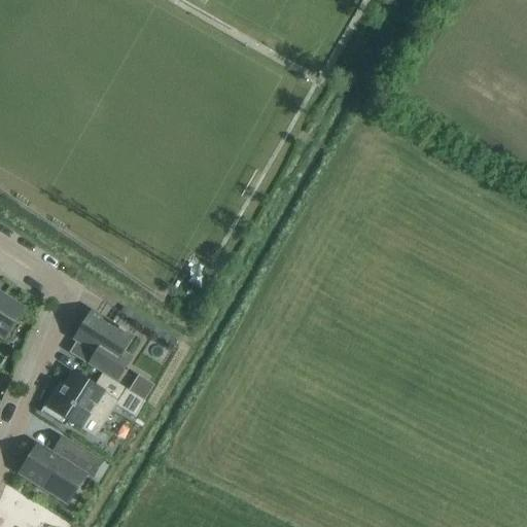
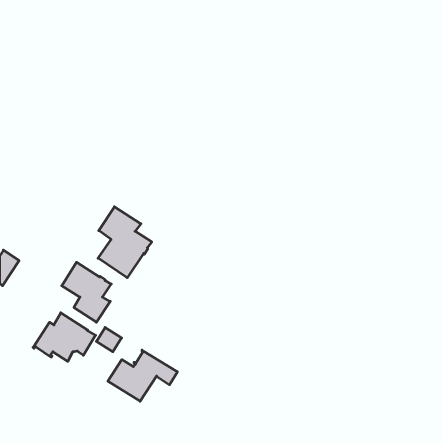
building: none -> [98,207,152,278]
building: [21,435,103,496] -> [108,350,177,401]

